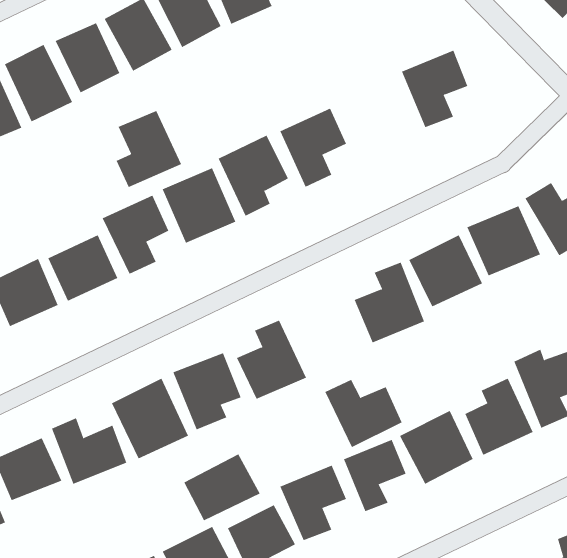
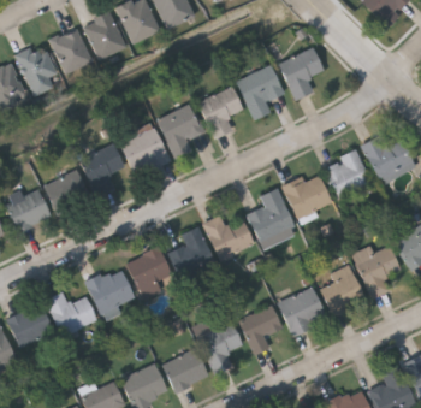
building: none -> [235,65,283,120]
building: [116,110,182,188] -> none
building: [324,379,402,448] -> [202,214,254,260]
building: [183,454,260,521] -> none

